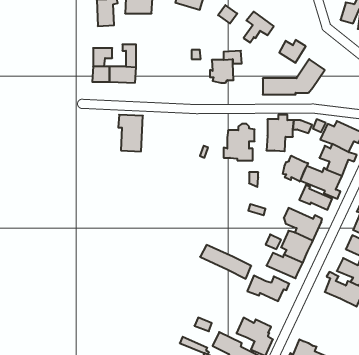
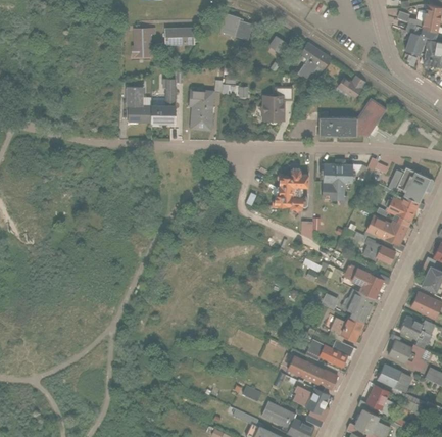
building: [118,115,143,151] -> [188,91,215,132]
building: [283,156,308,182] -> none
building: [200,245,251,279] -> [282,353,339,391]
building: none -> [377,366,414,394]
building: none -> [356,386,391,416]

